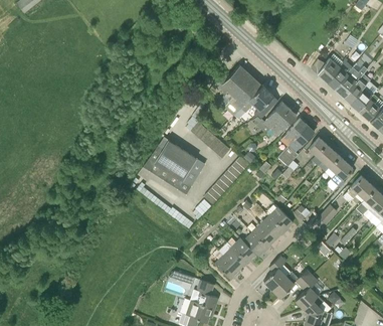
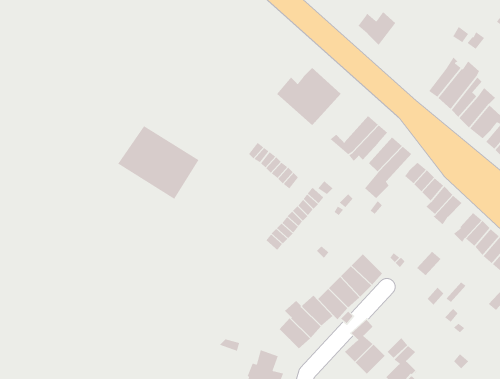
building: [311,58,340,85] -> [358,11,396,46]
building: [241,86,273,120] -> none
building: [143,138,205,194] -> [117,125,200,200]

